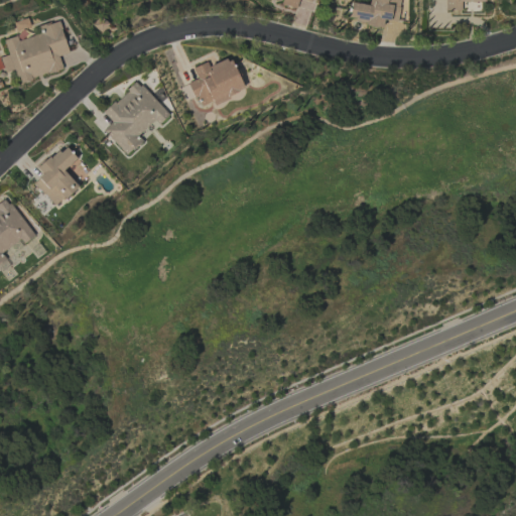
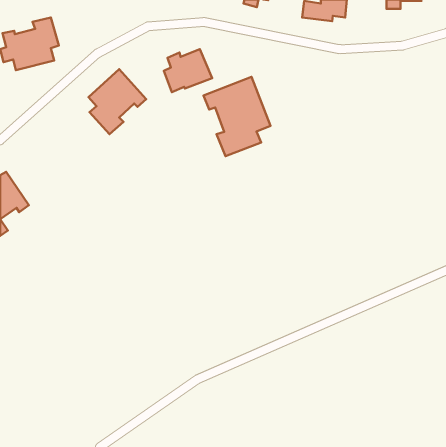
building: none -> [204,77,271,156]
building: [35,144,80,206] -> none

